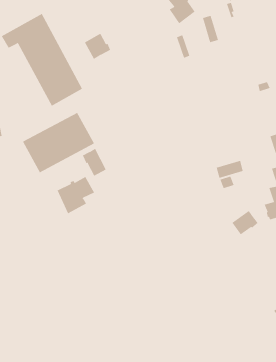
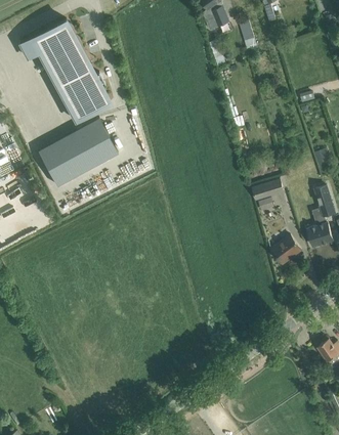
building: [84,33,111,60] -> none
building: [82,148,107,177] -> none
building: [57,176,95,214] -> none

